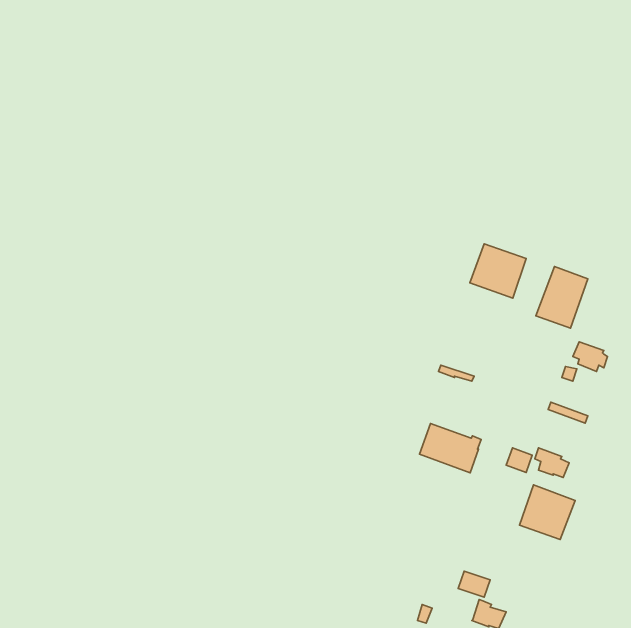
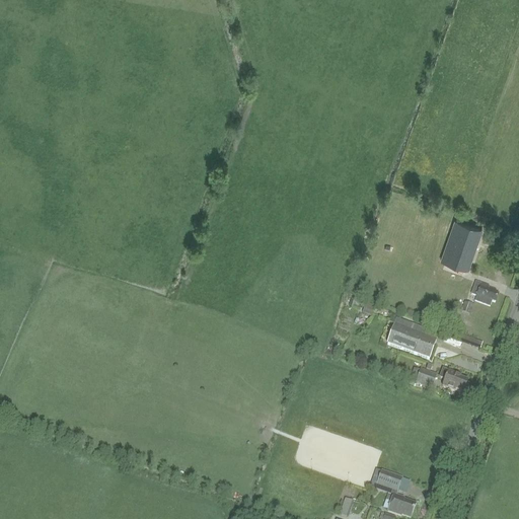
building: [470,244,526,298] -> none
building: [419,423,481,473] -> [387,318,438,359]
building: [520,485,575,540] -> none

